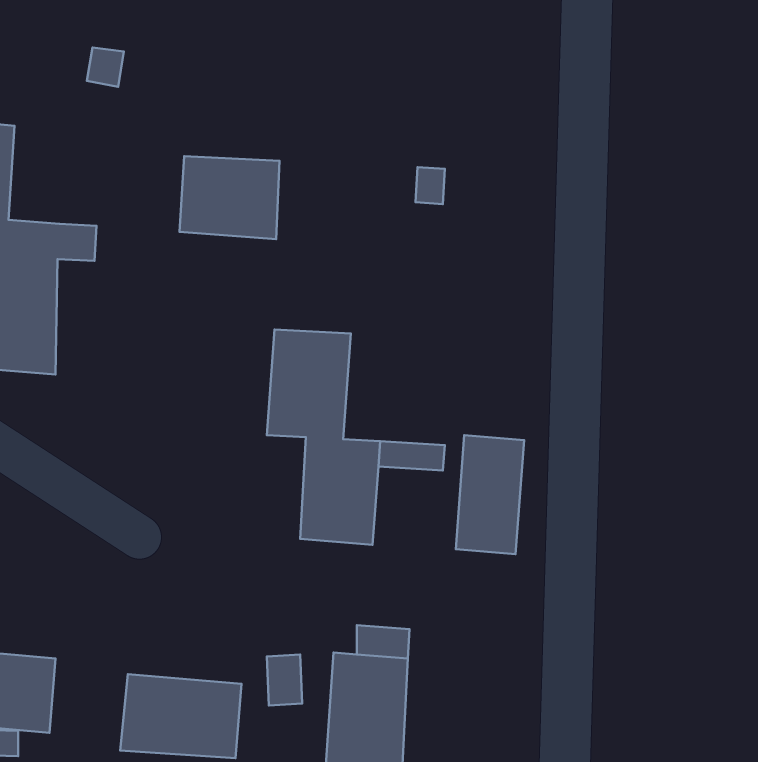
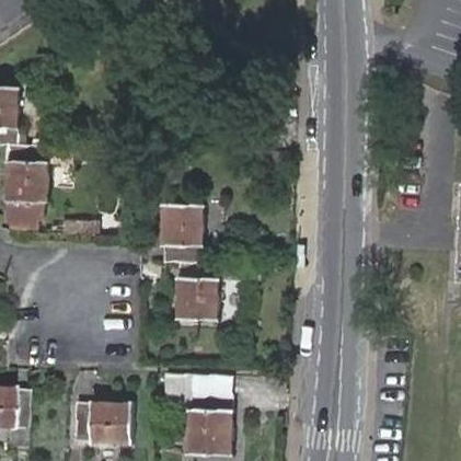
building: [180,156,279,239] -> none
building: [456,435,524,554] -> none

